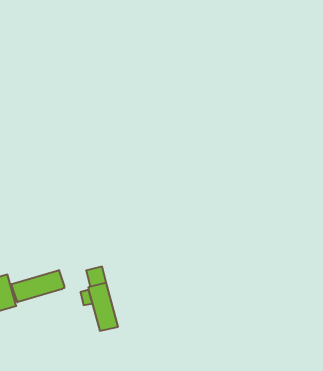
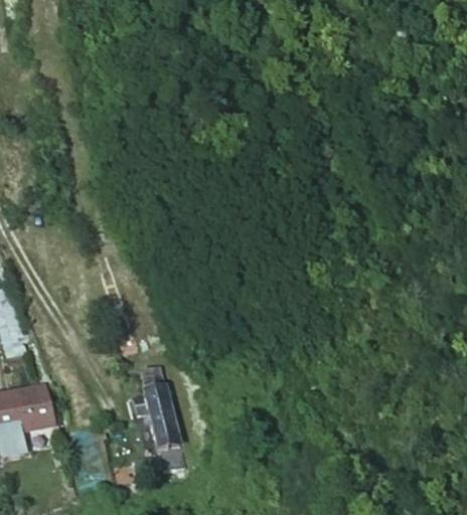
building: [11,270,64,302] -> none

